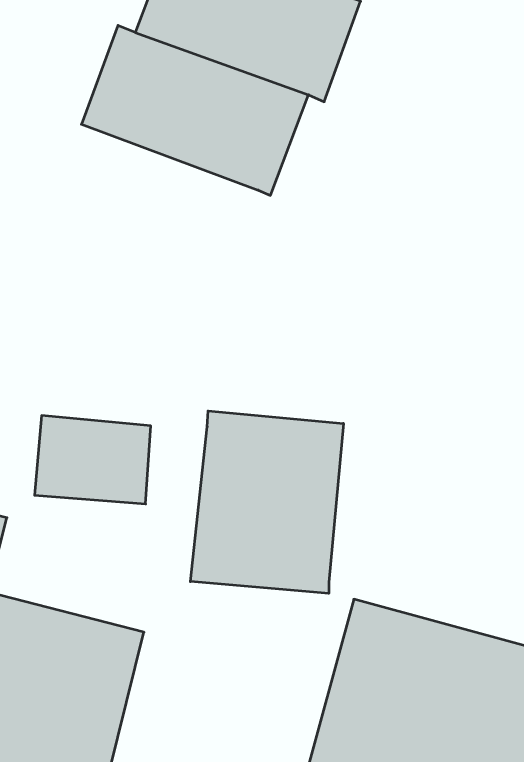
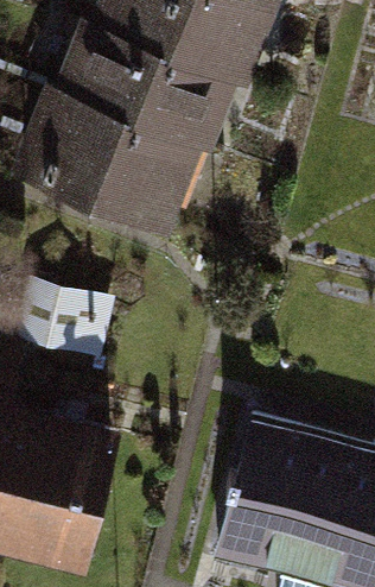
building: none -> [27,99,184,215]
building: [190,411,343,593] -> none

